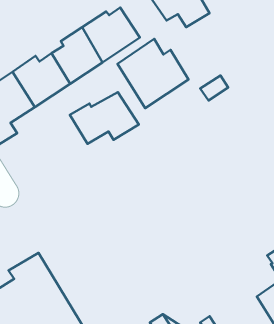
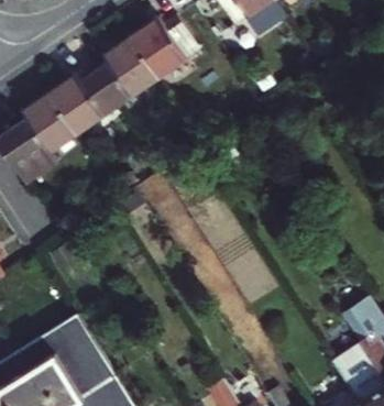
building: [117,39,189,108] -> none
building: [70,92,139,144] -> none

